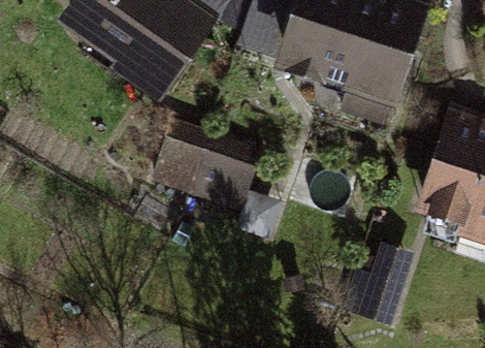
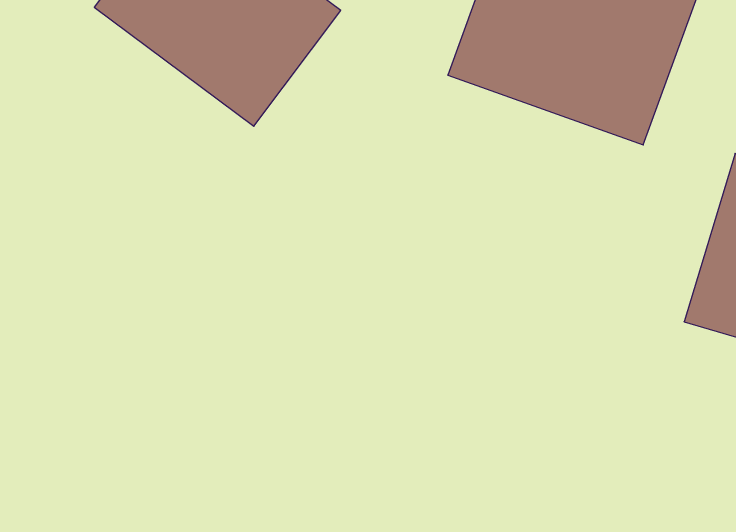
building: [160,129,266,213] -> none

